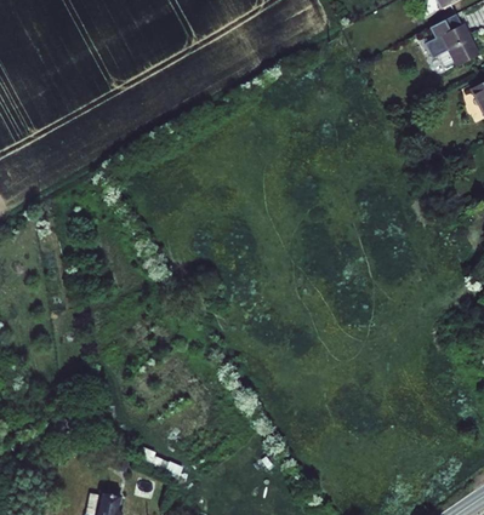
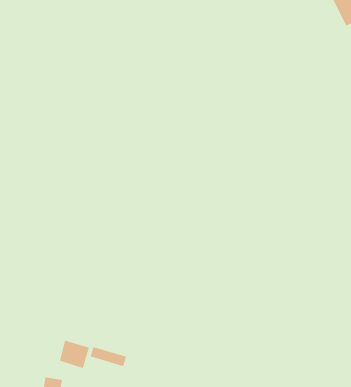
building: none -> [59,340,90,369]

